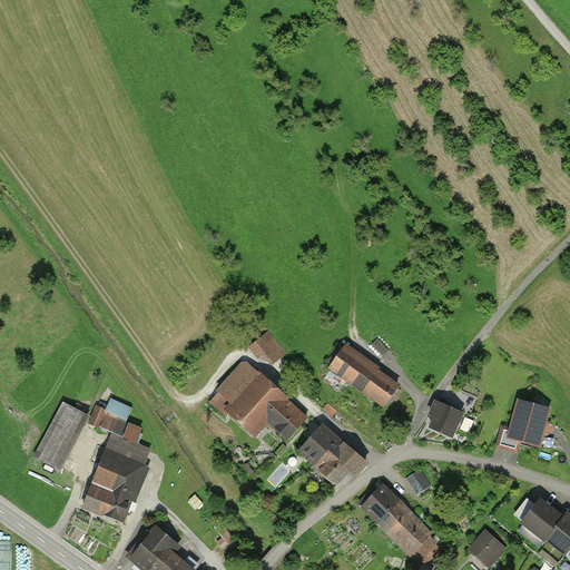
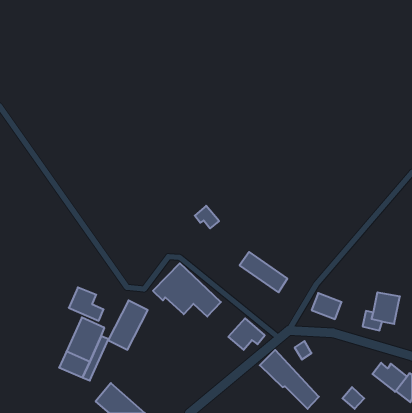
building: [249,331,283,362] -> [195,206,219,228]
building: [38,405,92,473] -> [108,300,148,350]
building: [296,422,337,463] -> none

